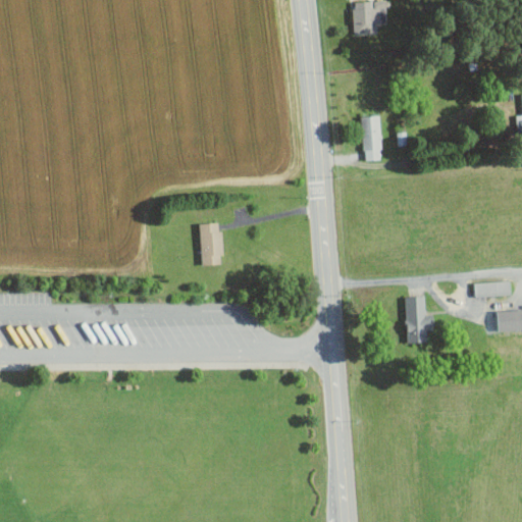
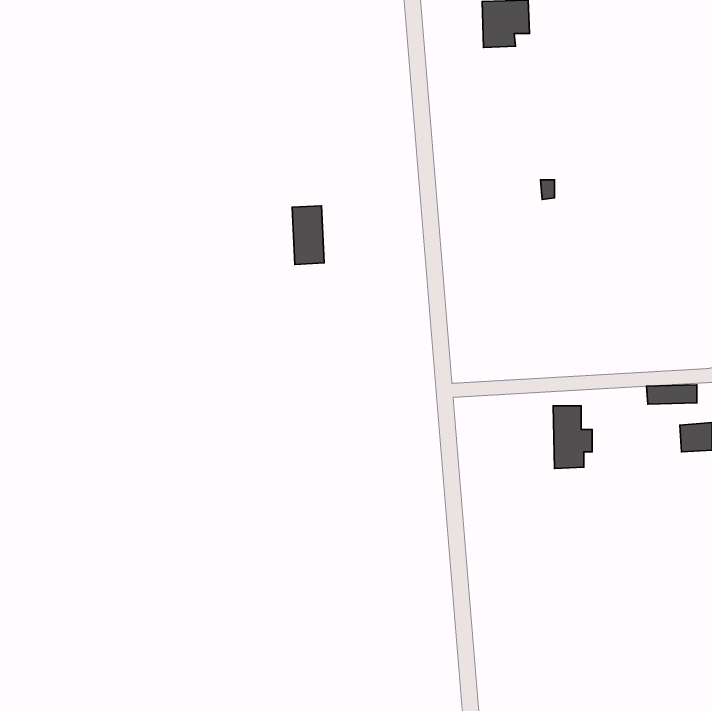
building: [361,116,381,161] -> none
building: [199,223,222,266] -> [292,206,324,264]

